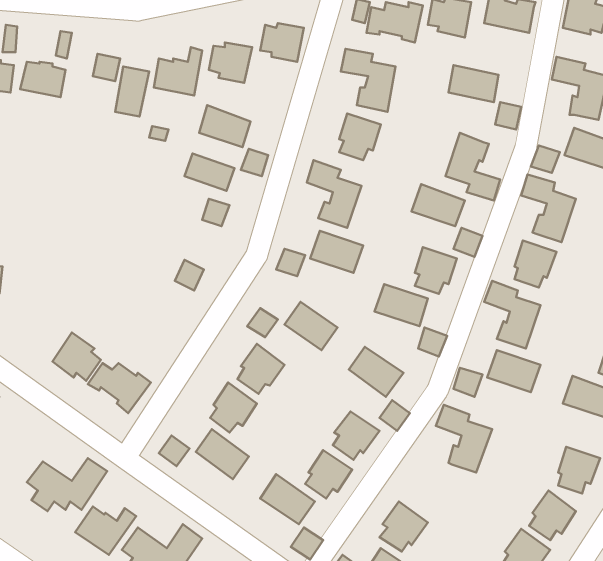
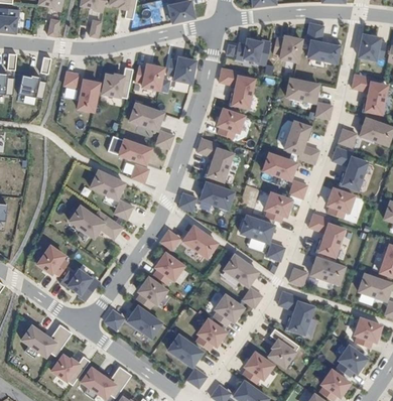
building: none -> [92,168,125,196]
building: none -> [70,207,122,239]
building: none -> [269,328,299,366]

